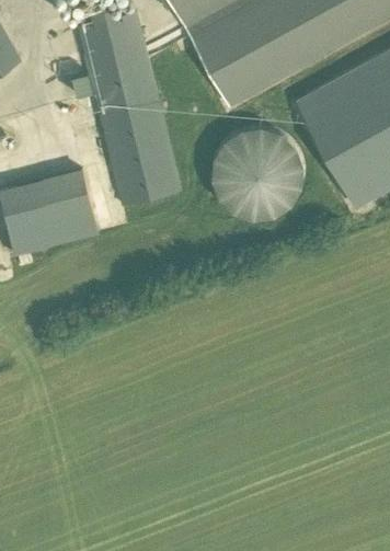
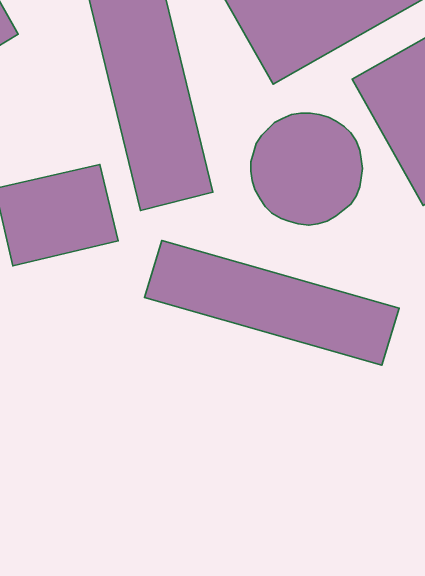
building: none -> [144,240,399,365]

